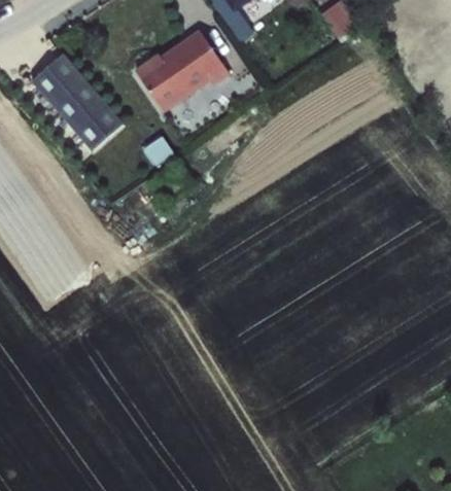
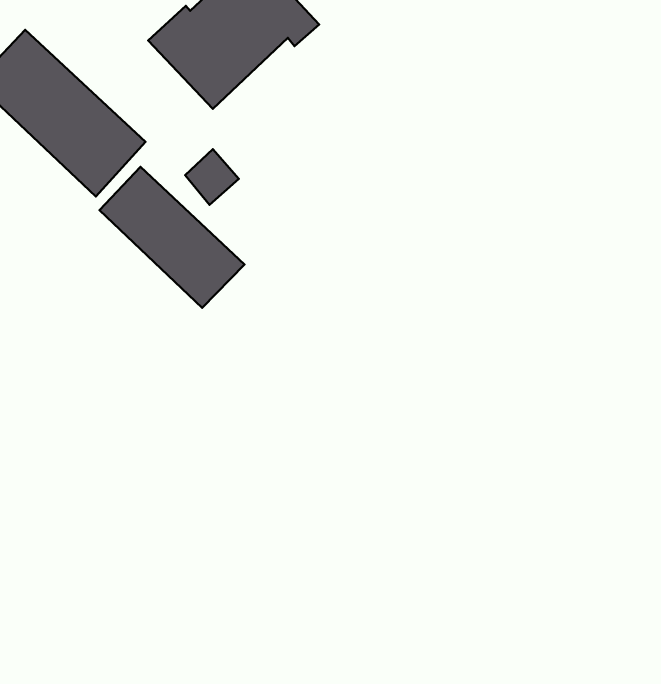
building: none -> [99,167,245,308]

